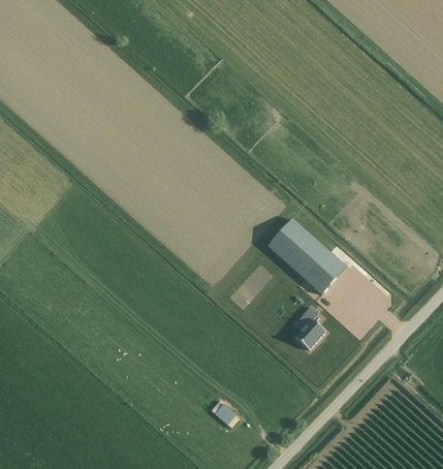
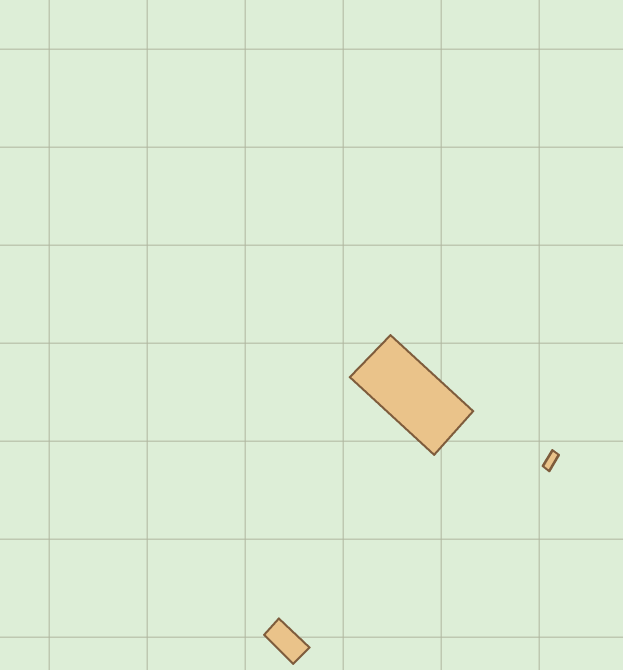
building: [294,307,324,349] -> none

